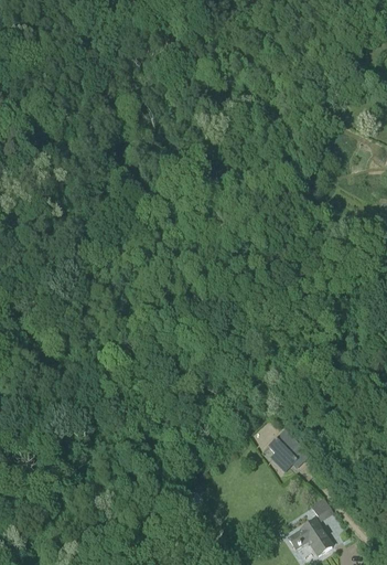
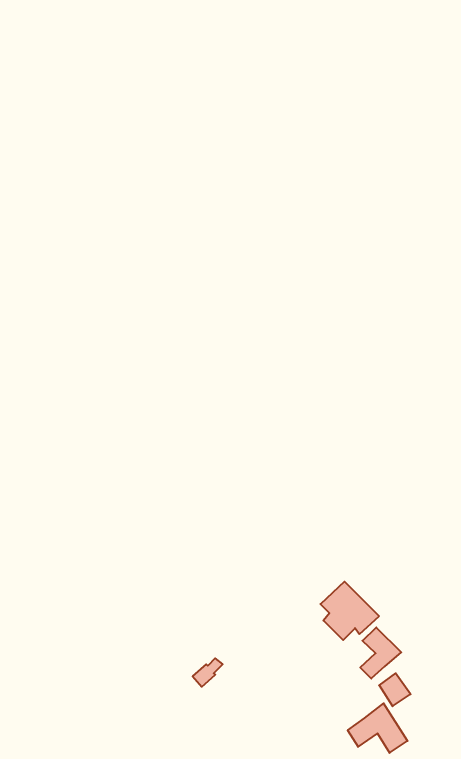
building: none -> [360,627,401,679]

